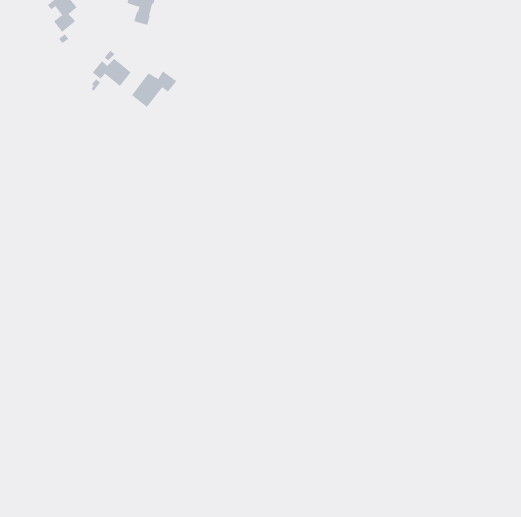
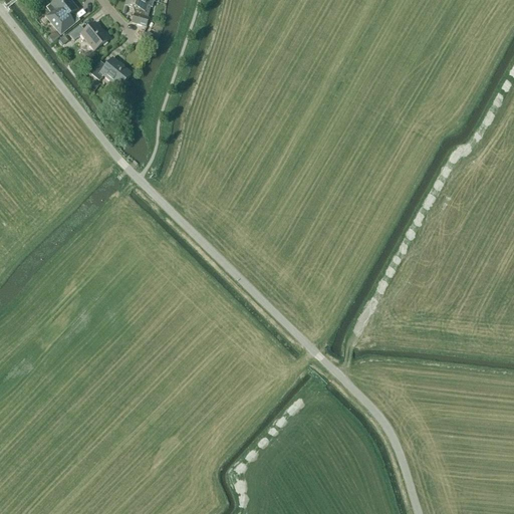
building: none -> [69,20,108,49]
building: [131,70,177,108] -> none

